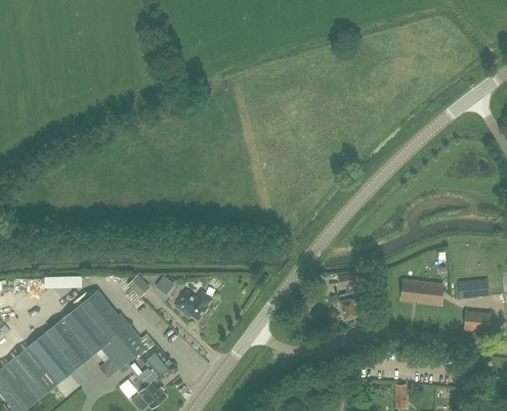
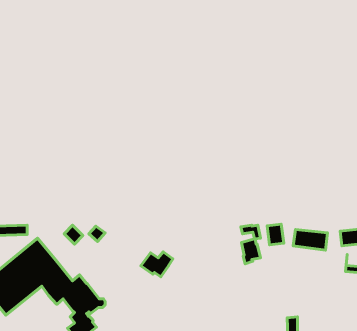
building: none -> [267,224,284,245]
building: [174,289,212,319] -> [141,252,173,277]

